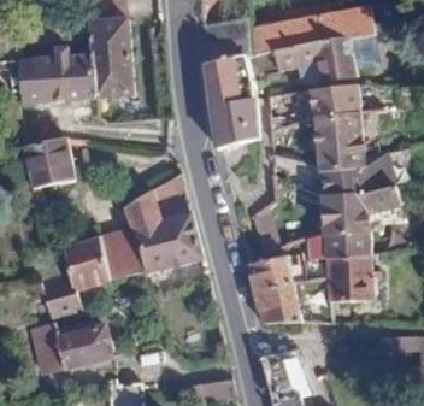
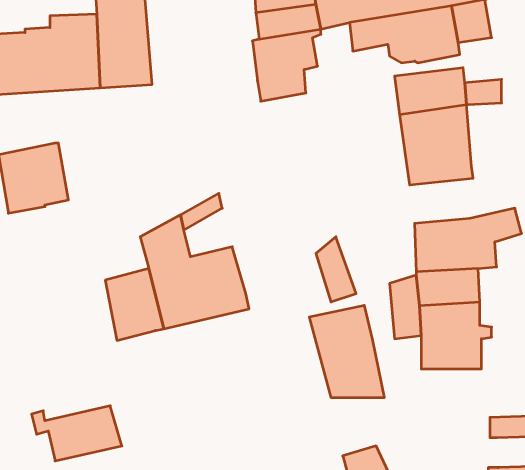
building: [211,102,248,151] -> none
building: [318,149,394,196] -> none
building: [33,237,107,323] -> none

